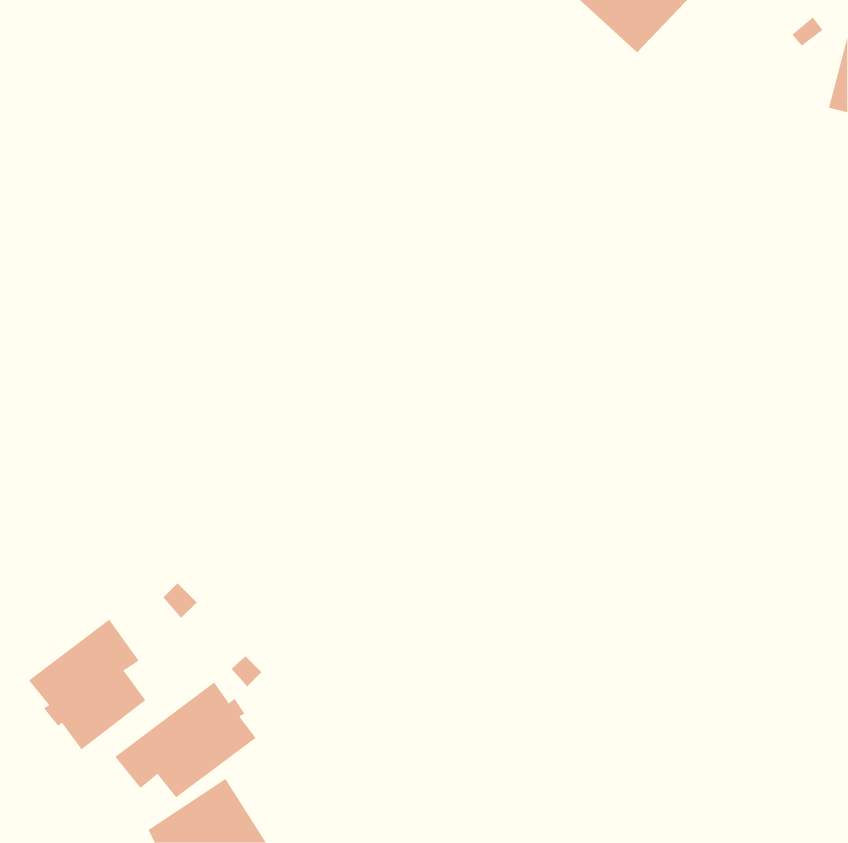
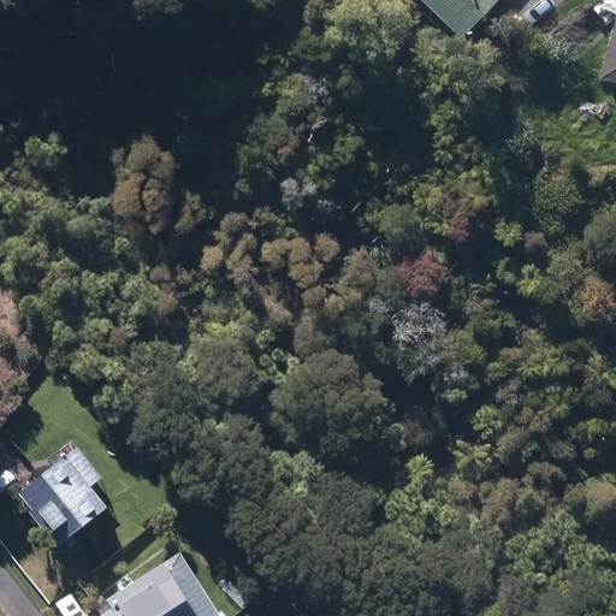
building: [115,681,256,798] -> none

